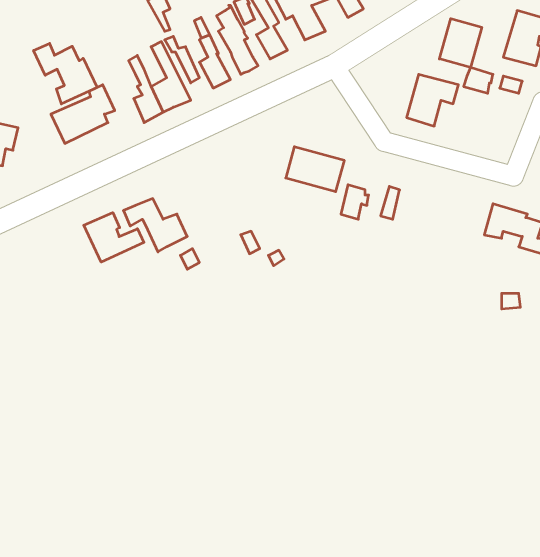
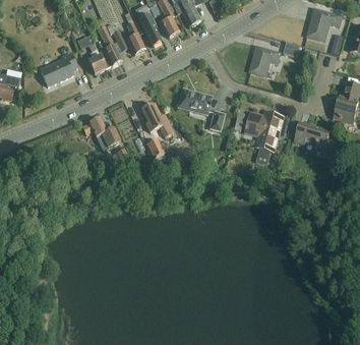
building: [439,19,482,67] -> none
building: [34,43,97,104] -> none
building: none -> [140,103,173,137]
building: none -> [245,112,283,159]
building: [84,213,144,262] -> none

